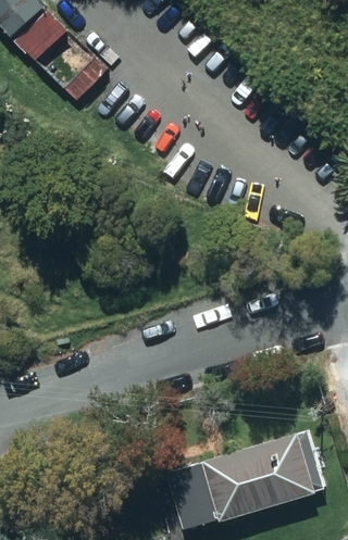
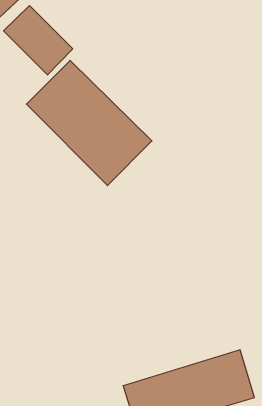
building: none -> [26,60,152,186]

